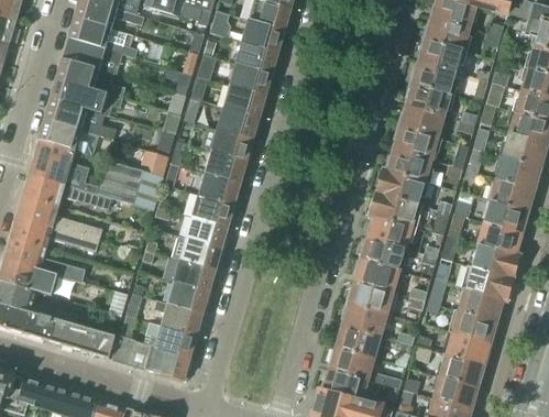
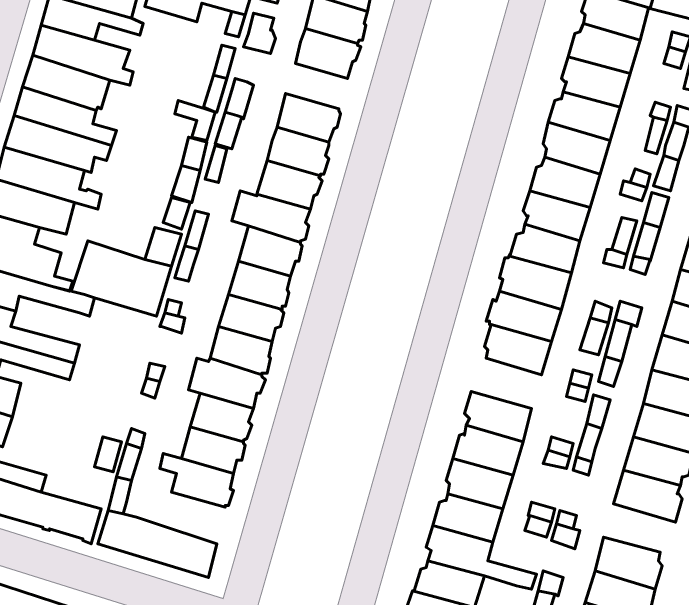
building: [237,43,277,73] -> none
building: [359,237,405,270] -> none
building: [149,325,198,358] -> none
building: [446,332,493,364] -> none

